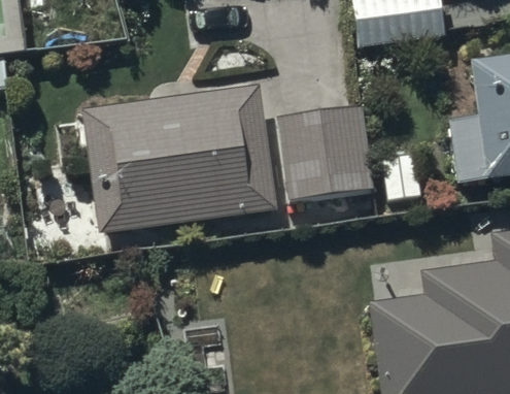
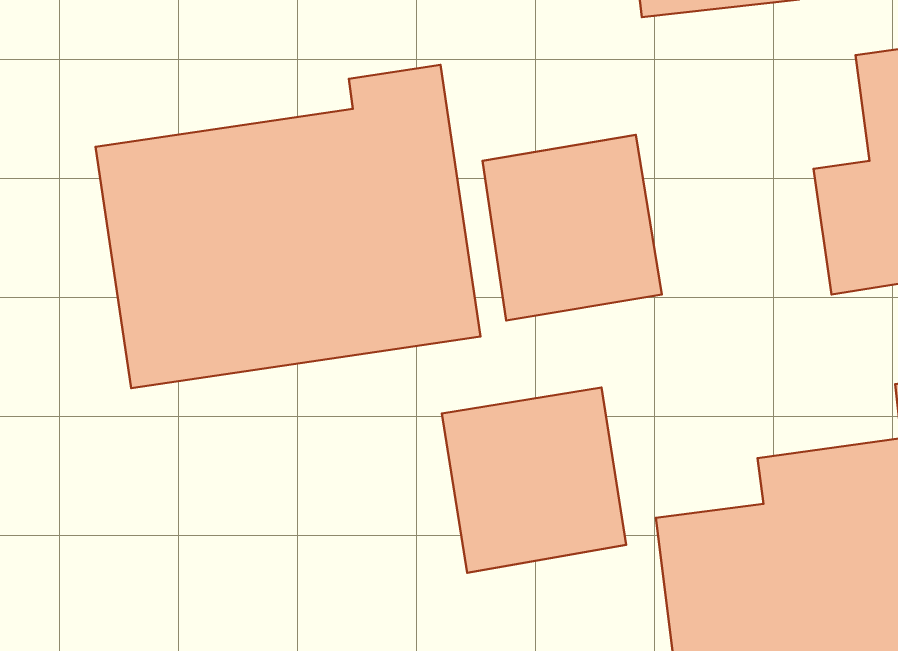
building: none -> [442,388,626,573]

